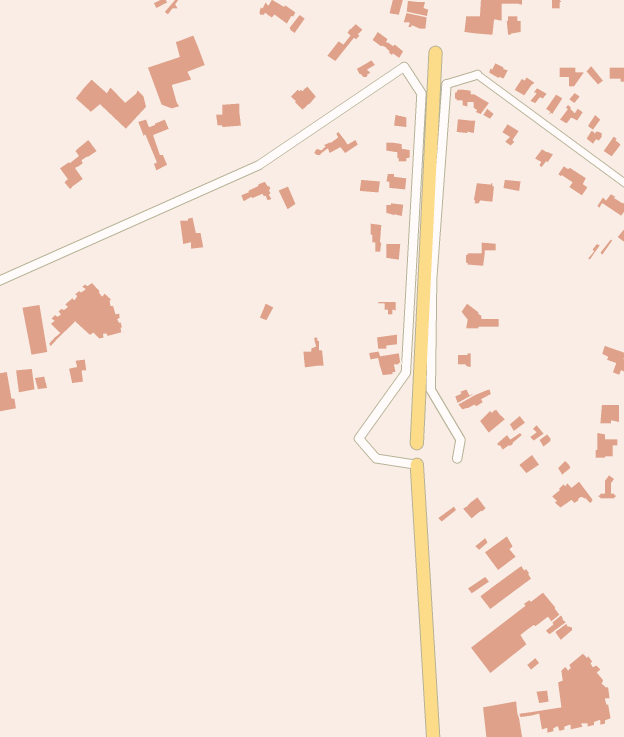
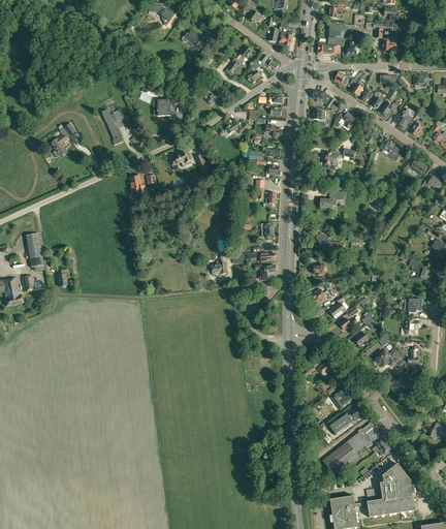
building: [147,34,206,109] -> none
building: [75,79,147,129] -> none
building: [48,279,125,347] -> none

